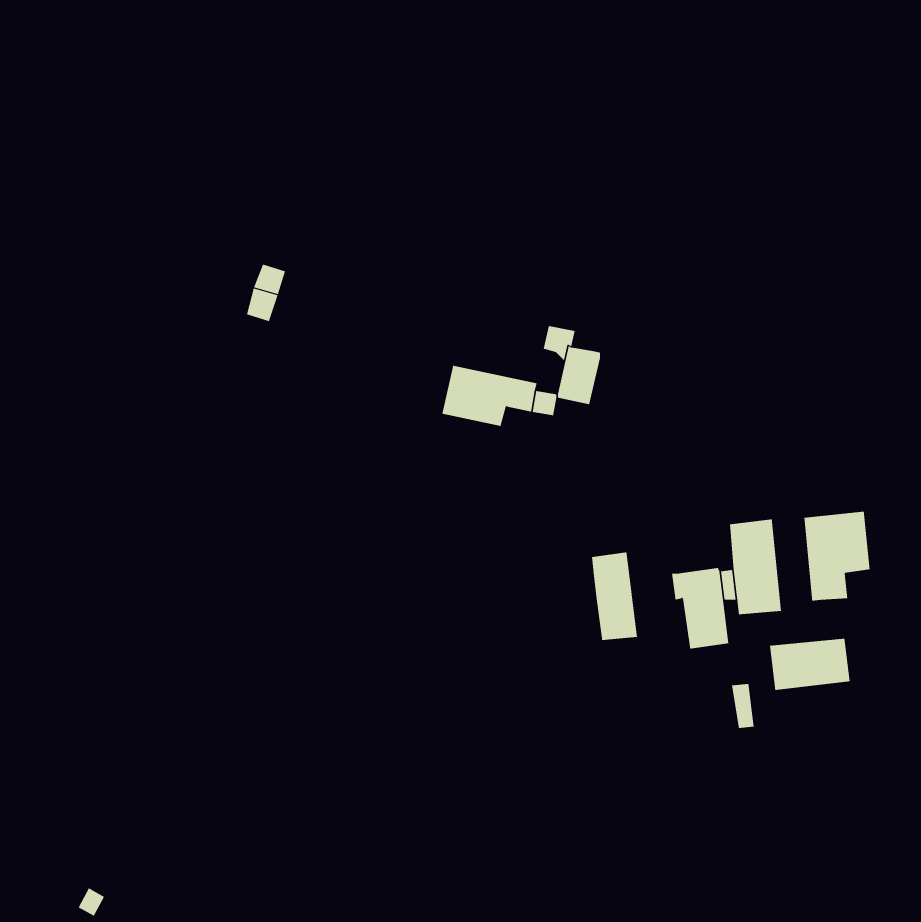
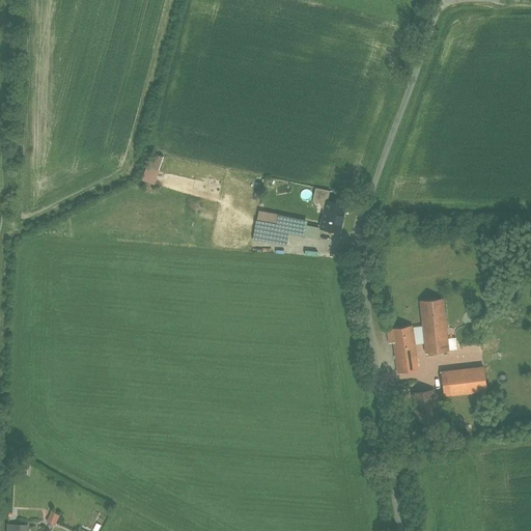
building: [804,511,870,601] -> none
building: [592,552,638,641] -> none

